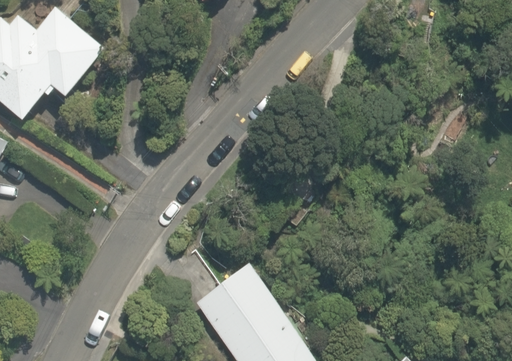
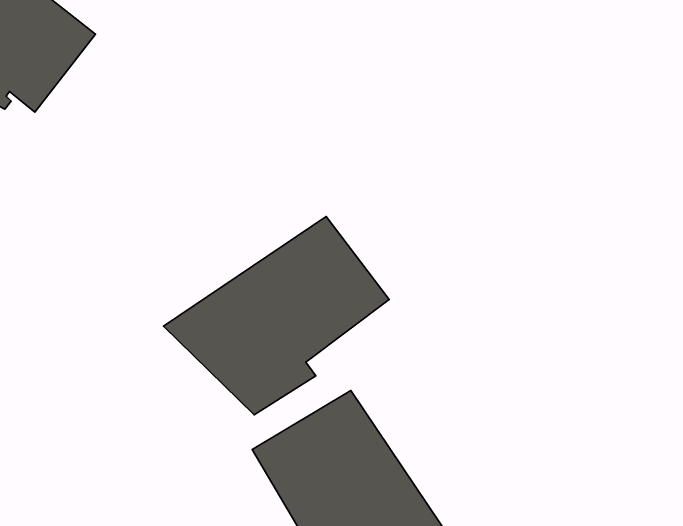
building: none -> [163,216,389,415]

